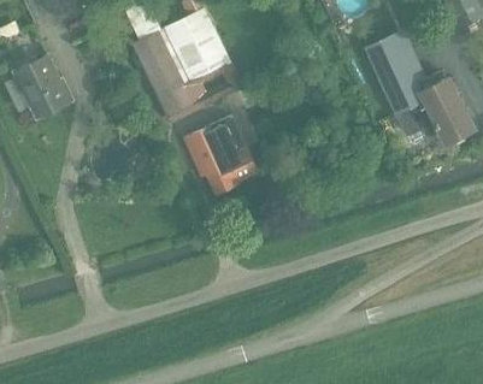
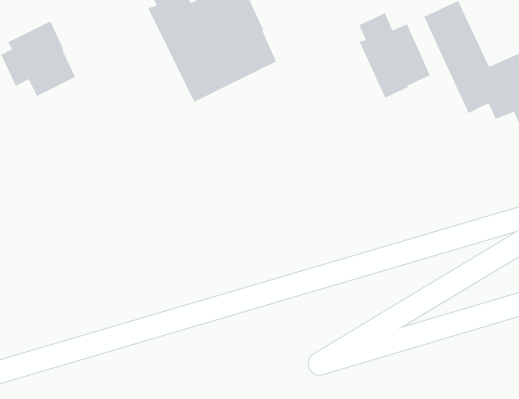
building: none -> [358,12,431,99]
building: [183,114,255,191] -> none

